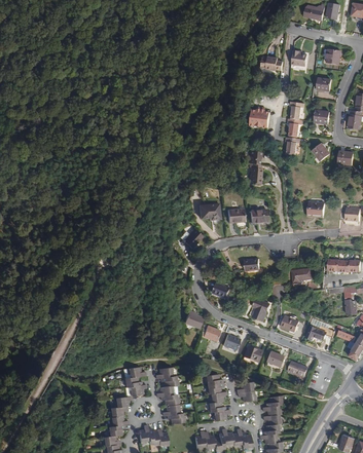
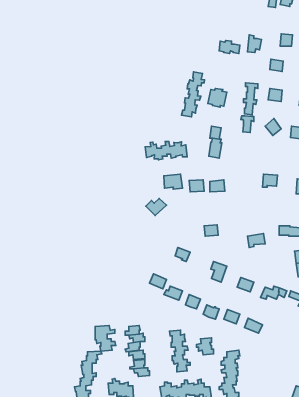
building: none -> [181,72,204,117]
building: none -> [145,141,187,160]

